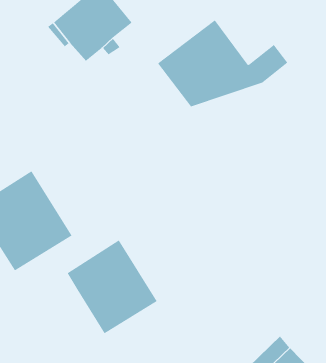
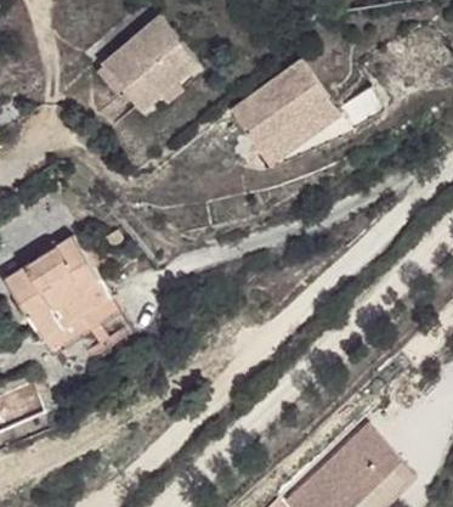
building: [67,240,157,334] -> none

